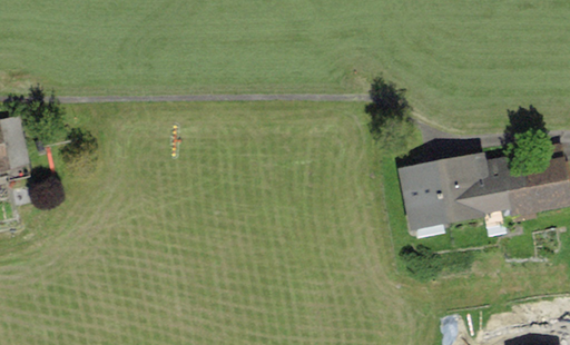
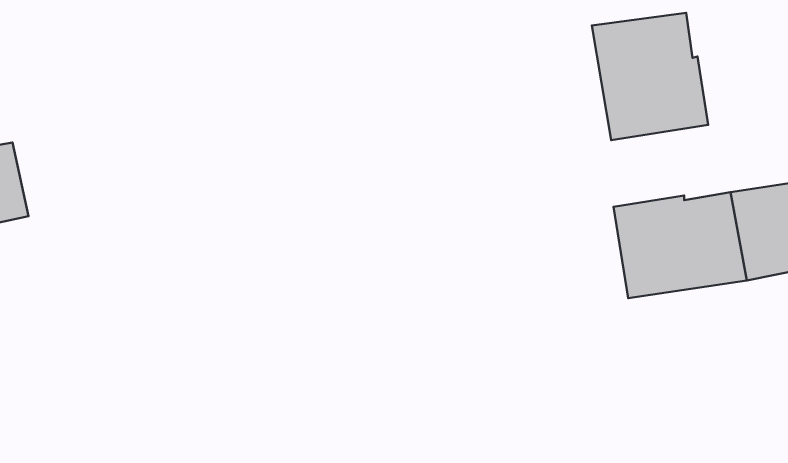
building: none -> [592,13,708,140]
building: [400,164,448,233] -> none

